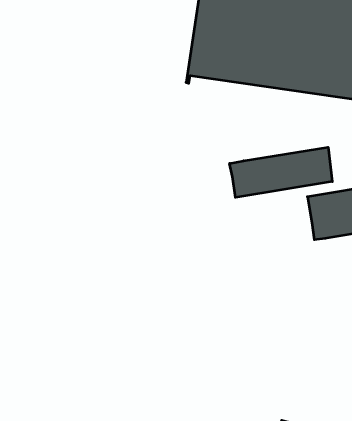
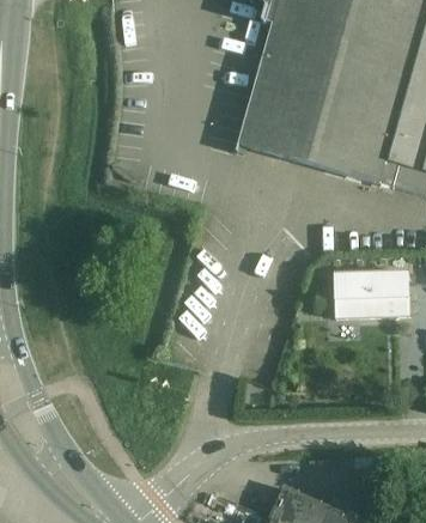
building: [230,147,332,197] -> none

